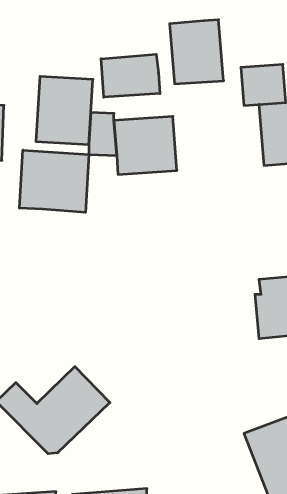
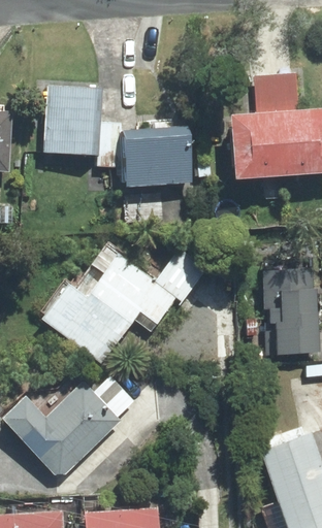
building: [170,20,224,84] -> [223,112,279,178]
building: [101,54,160,97] -> none
building: [19,150,89,212] -> none
building: none -> [41,249,207,362]

